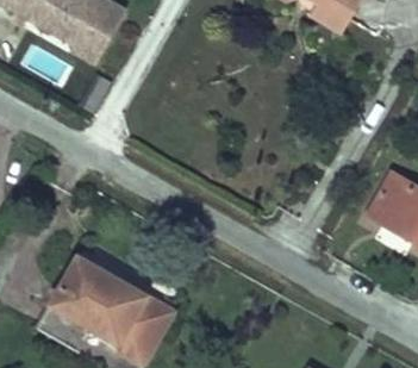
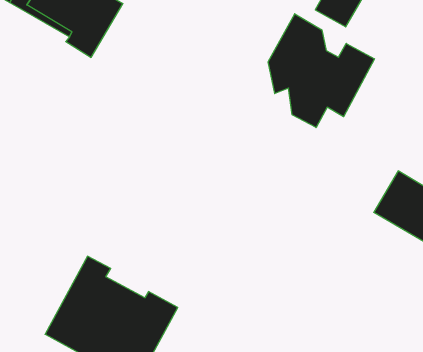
building: none -> [268,14,374,128]

